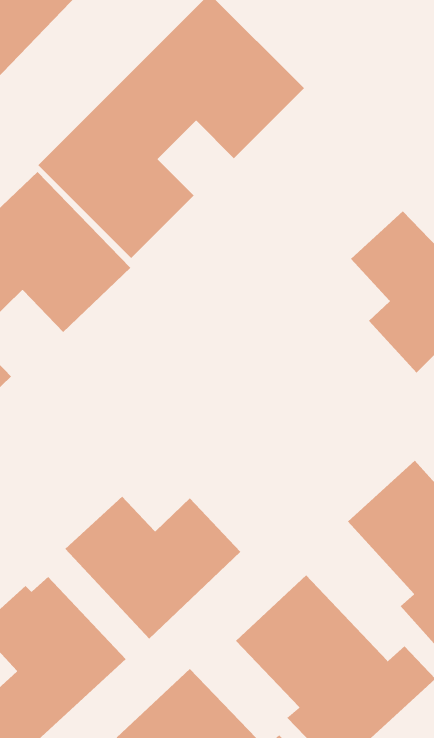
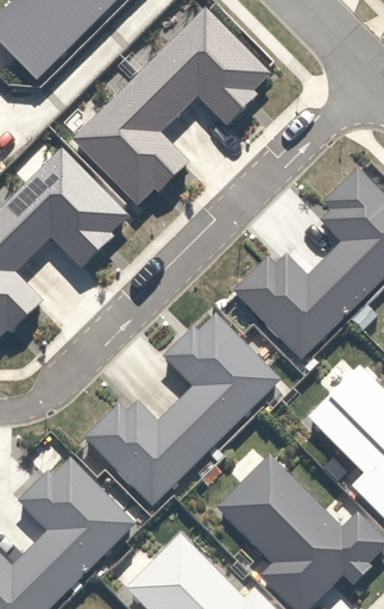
building: none -> [231,250,364,364]
building: none -> [169,308,290,440]

